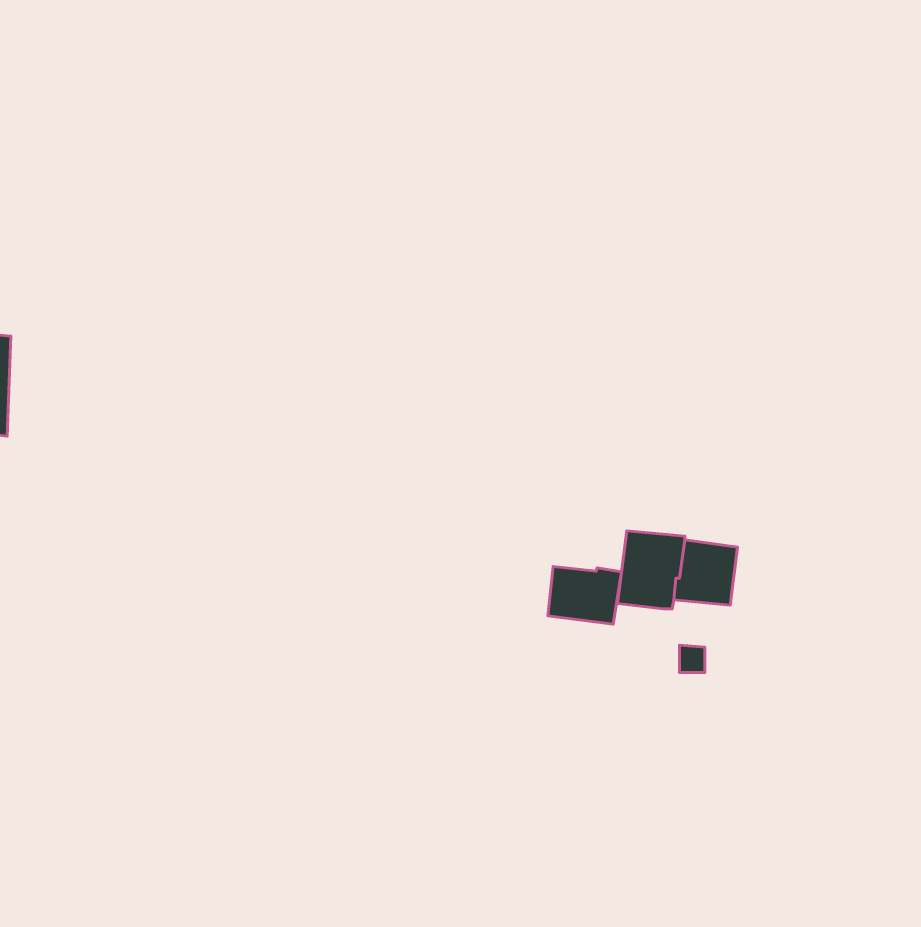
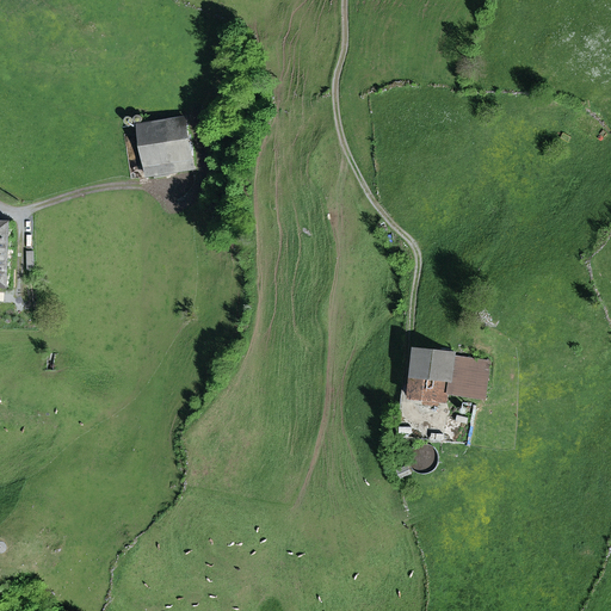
building: none -> [136,117,189,175]
building: [548,567,622,624] -> none

